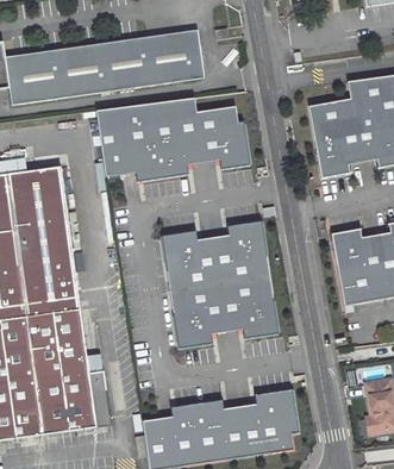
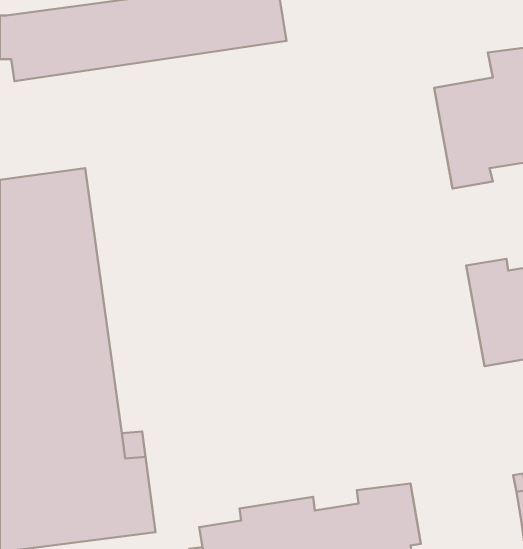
building: [96,96,250,180] -> none
building: [162,219,279,346] -> none

